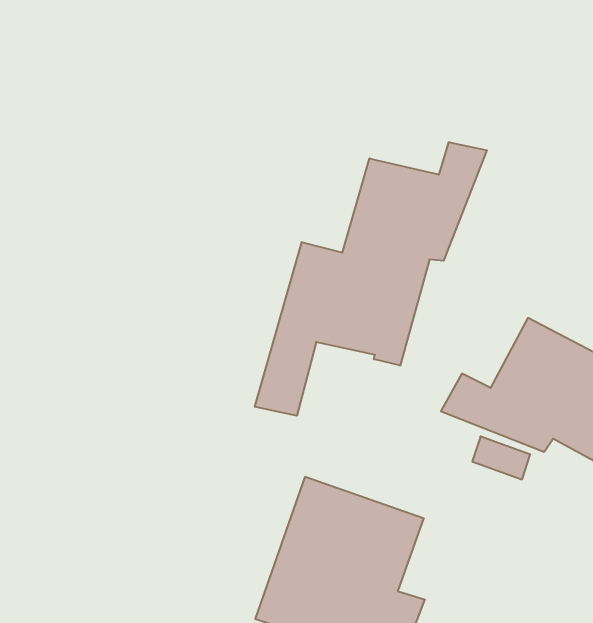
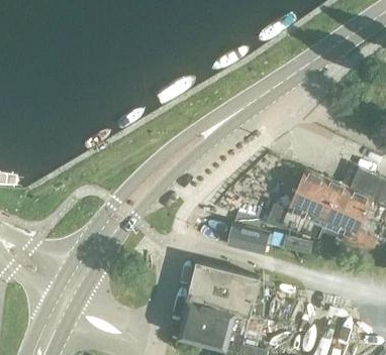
building: [255,142,487,416] -> none
building: none -> [227,224,267,251]

